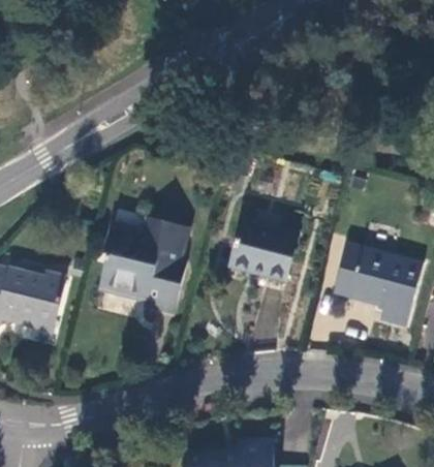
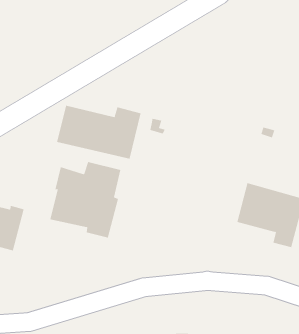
building: none -> [57,105,141,160]
building: [228,219,297,280] -> none

